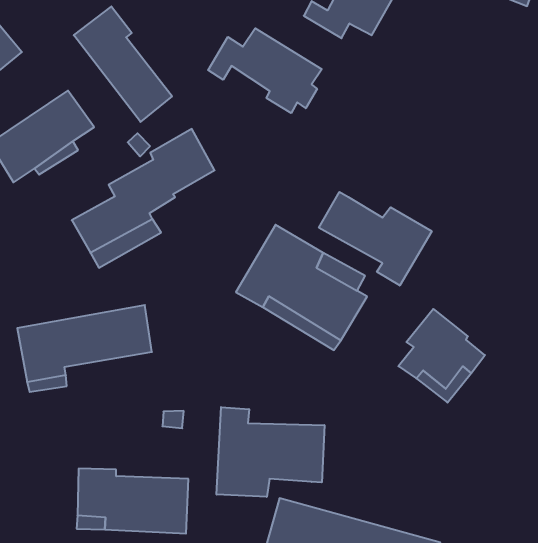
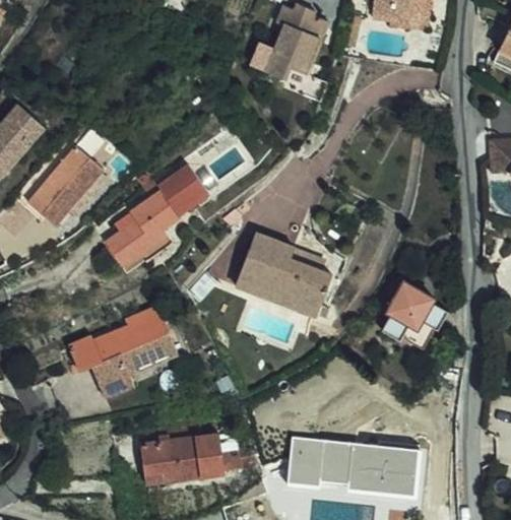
building: [74,6,172,122] -> none
building: [208,28,322,113] -> none
building: [319,192,432,286] -> none
building: [217,407,324,497] -> none

